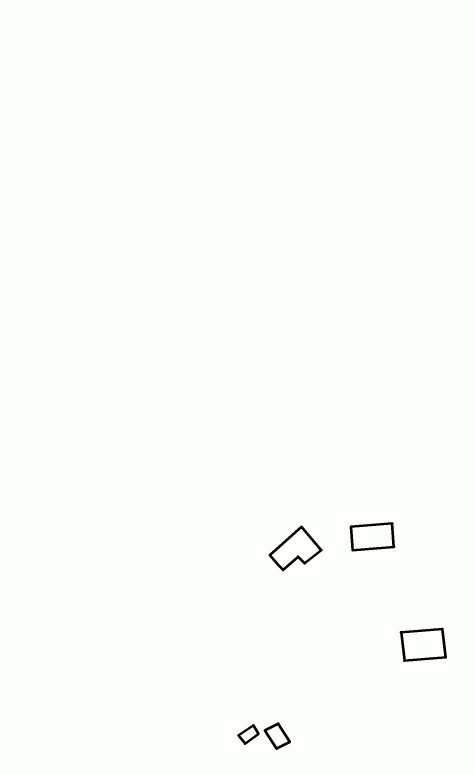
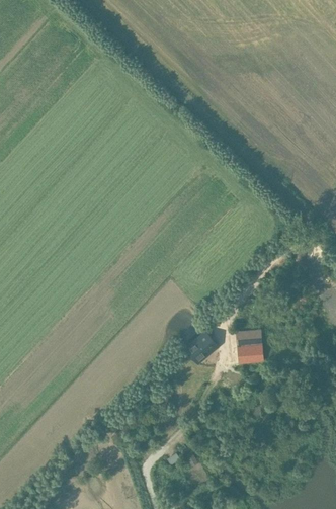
building: [401,629,446,661] -> [237,345,264,364]

